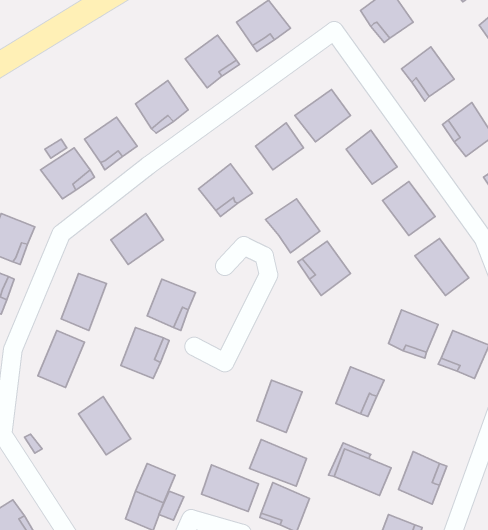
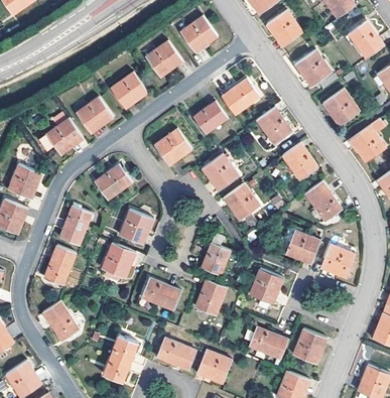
building: none -> [201,234,230,276]
building: [78,396,131,455] -> [42,300,79,341]
building: [249,439,306,486] -> [141,278,180,310]

